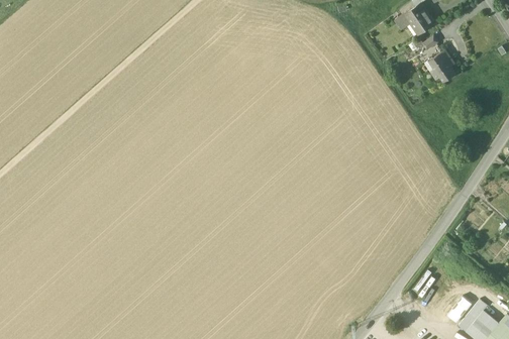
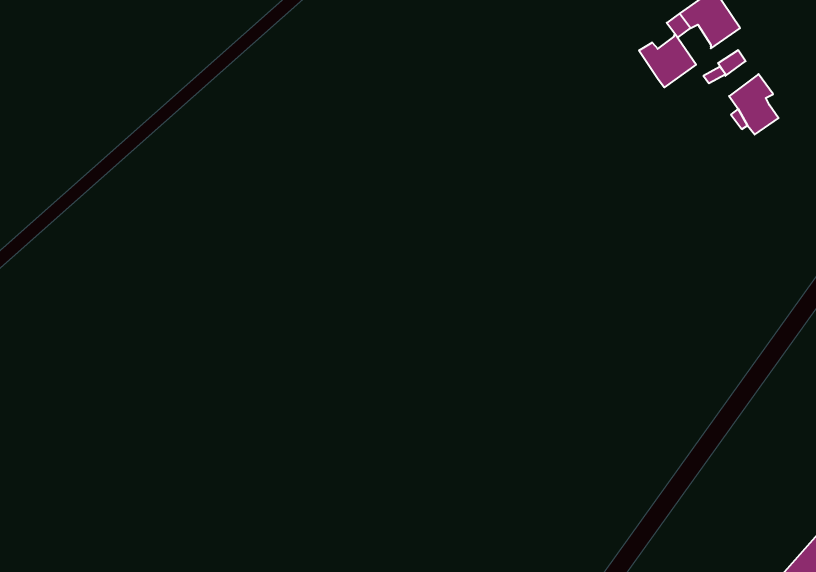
building: none -> [639,34,696,87]

